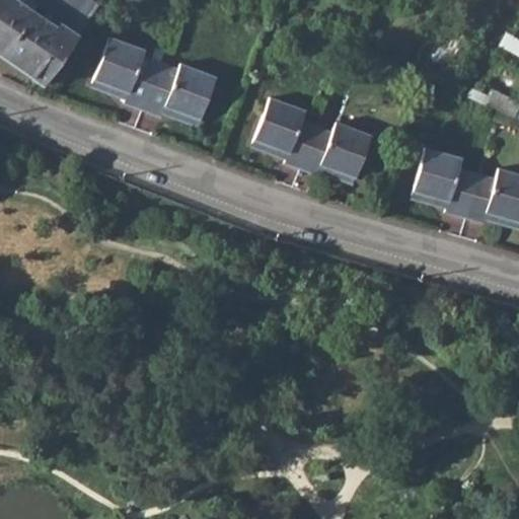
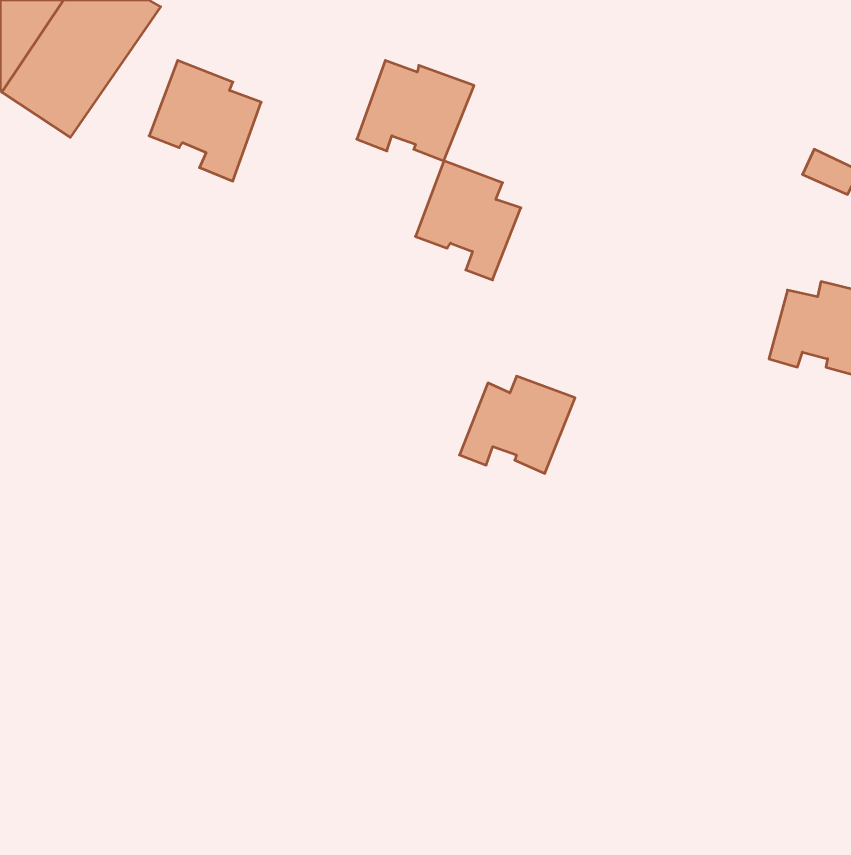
building: [144,63,215,124] -> [357,60,474,161]
building: [301,123,371,181] -> [459,376,575,473]
building: [414,150,479,218] -> none

